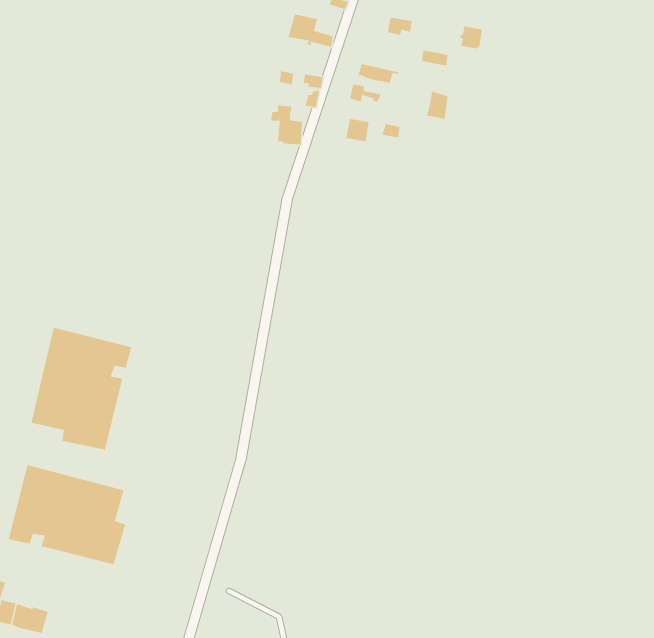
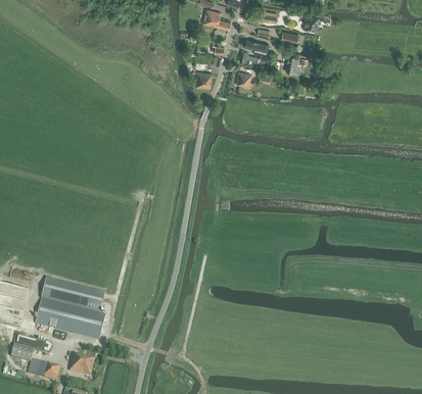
building: [30,327,132,450] -> none
building: none -> [69,353,95,376]

